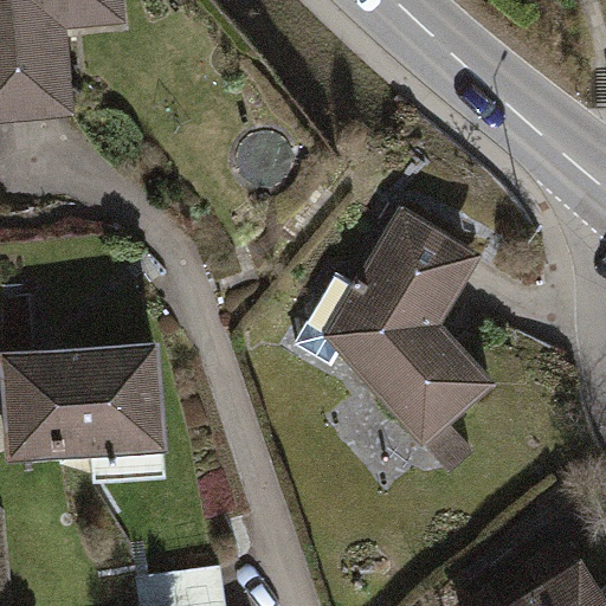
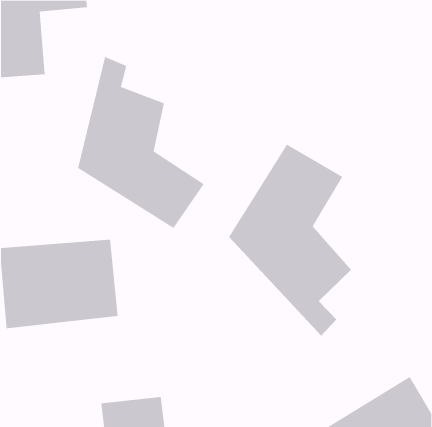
building: none -> [77,56,204,229]

